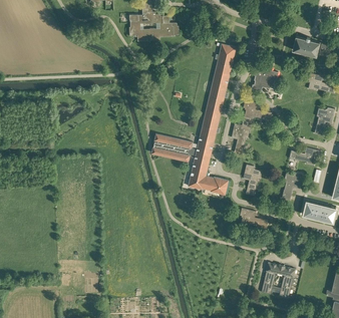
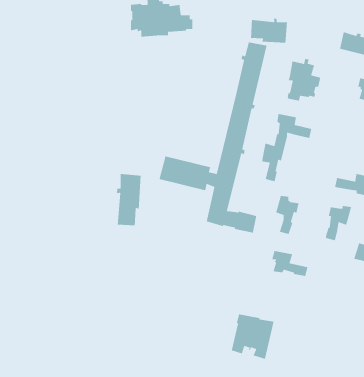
building: none -> [250,18,288,44]
building: none -> [116,173,142,226]
building: [261,263,295,299] -> [231,314,274,360]

